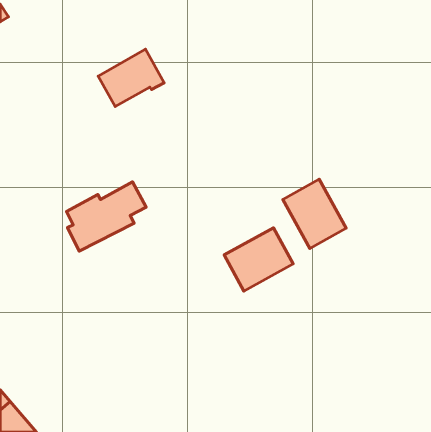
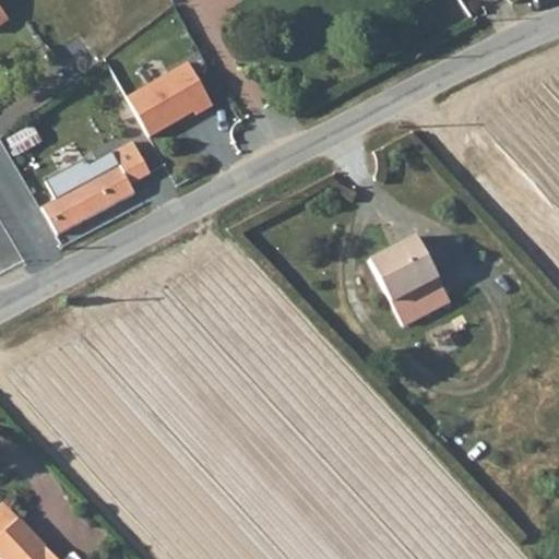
building: [67,182,146,251] -> [49,140,152,229]
building: [224,228,293,291] -> none

